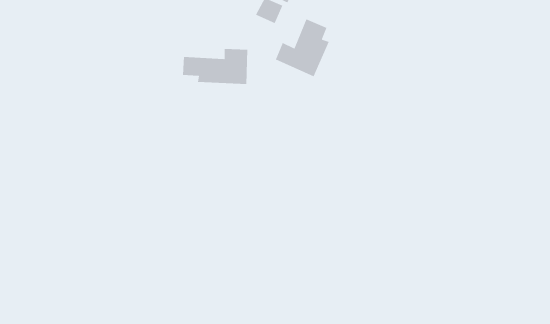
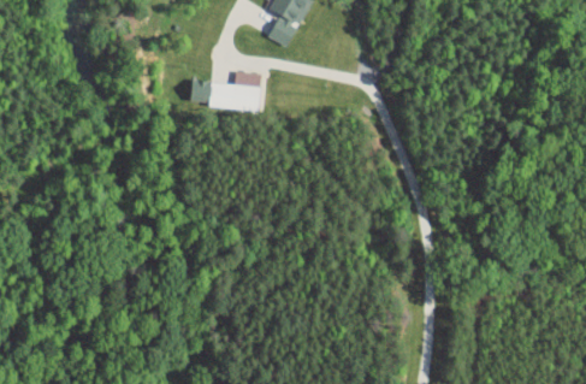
building: [275,19,329,77] -> none

